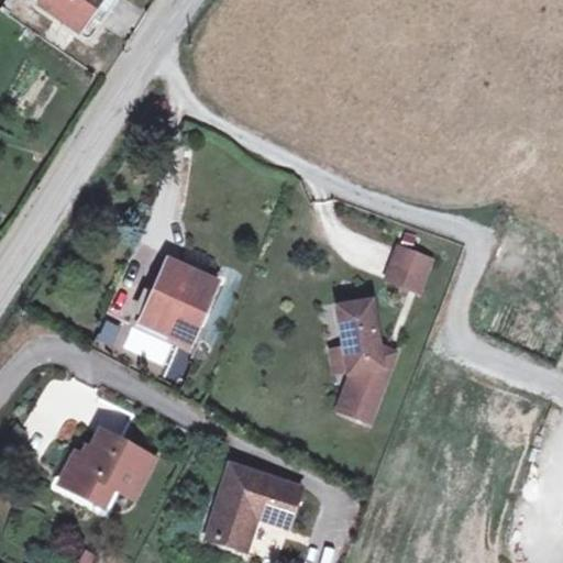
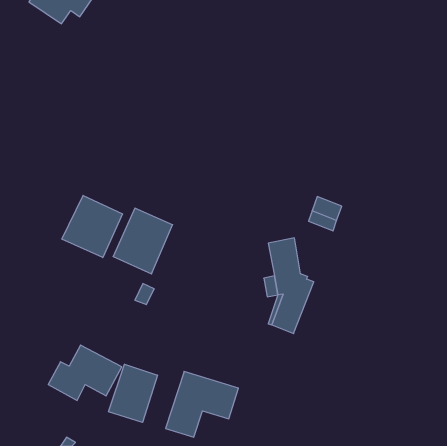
building: none -> [62,195,123,258]
building: none -> [108,364,157,422]

